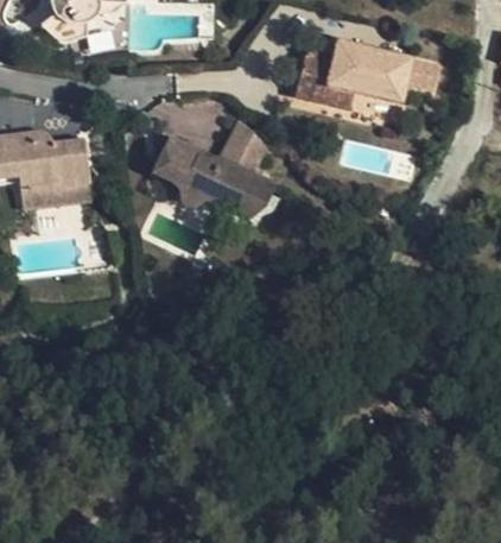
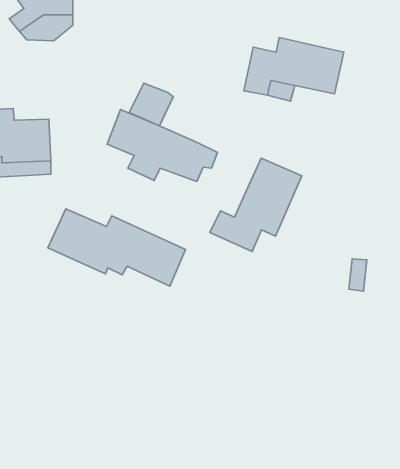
building: [221,118,271,166] -> [129,83,173,126]
building: none -> [210,158,302,251]
building: none -> [48,209,185,286]

